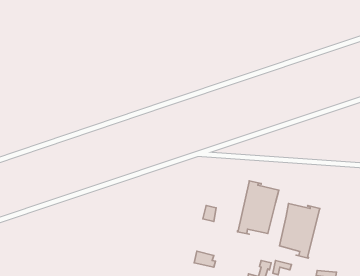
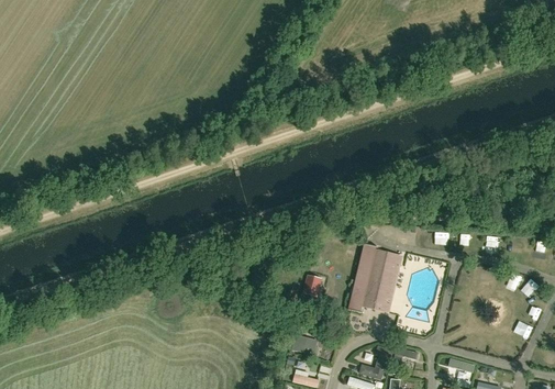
building: [279,203,320,258] -> none

